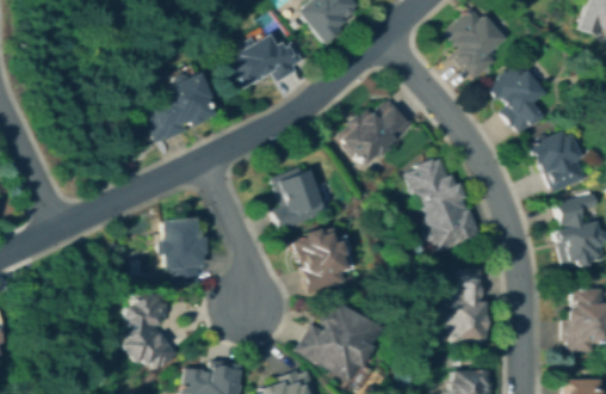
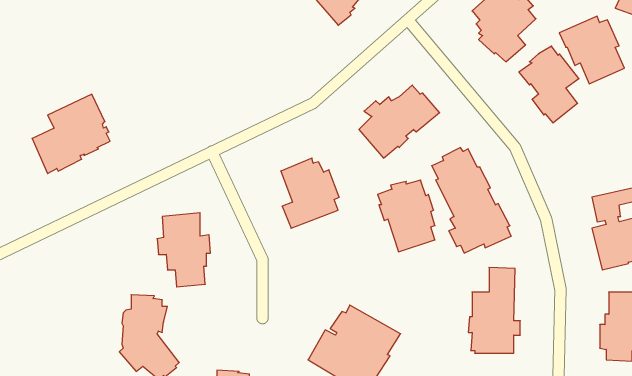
building: [228,33,304,88] -> none
building: [143,70,215,143] -> [32,94,110,174]
building: [527,130,587,192] -> [559,16,624,84]
building: [293,227,346,293] -> [378,180,435,252]

